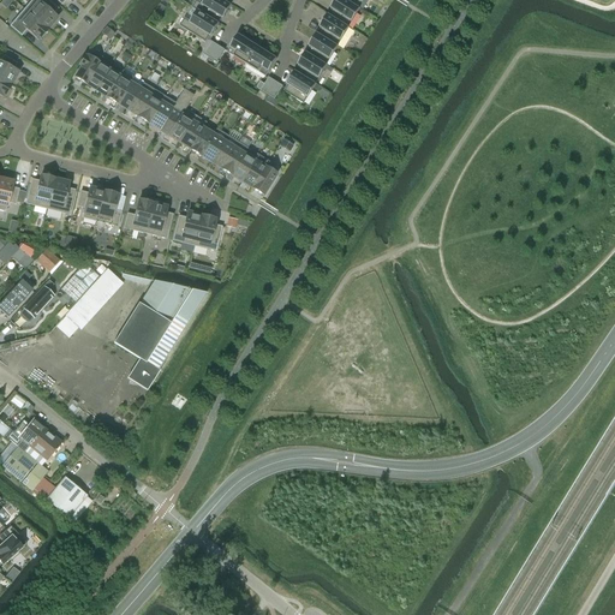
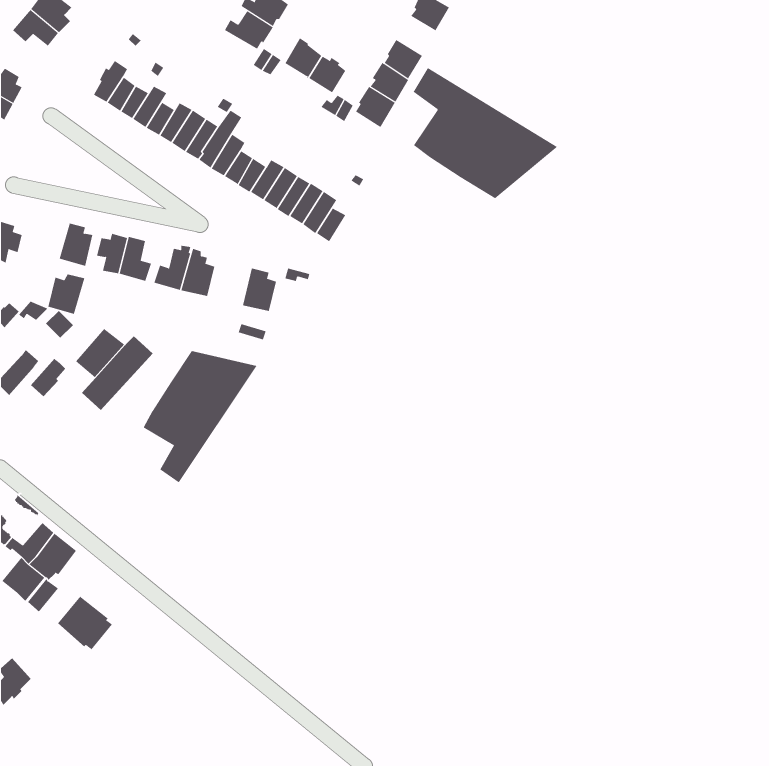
building: [316,12,348,44] -> none
building: none -> [413,67,558,199]
building: [25,174,55,207] -> [47,274,85,314]
building: [172,210,201,244] -> none

